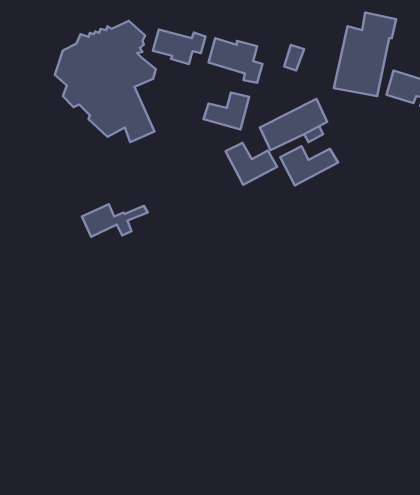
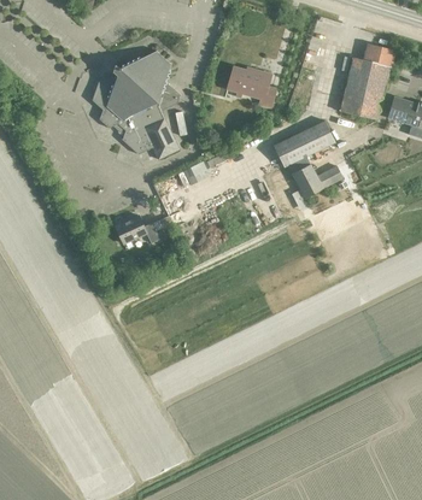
building: [153,30,205,64] -> none
building: [204,92,249,129] -> none
building: [225,143,277,185] -> none

